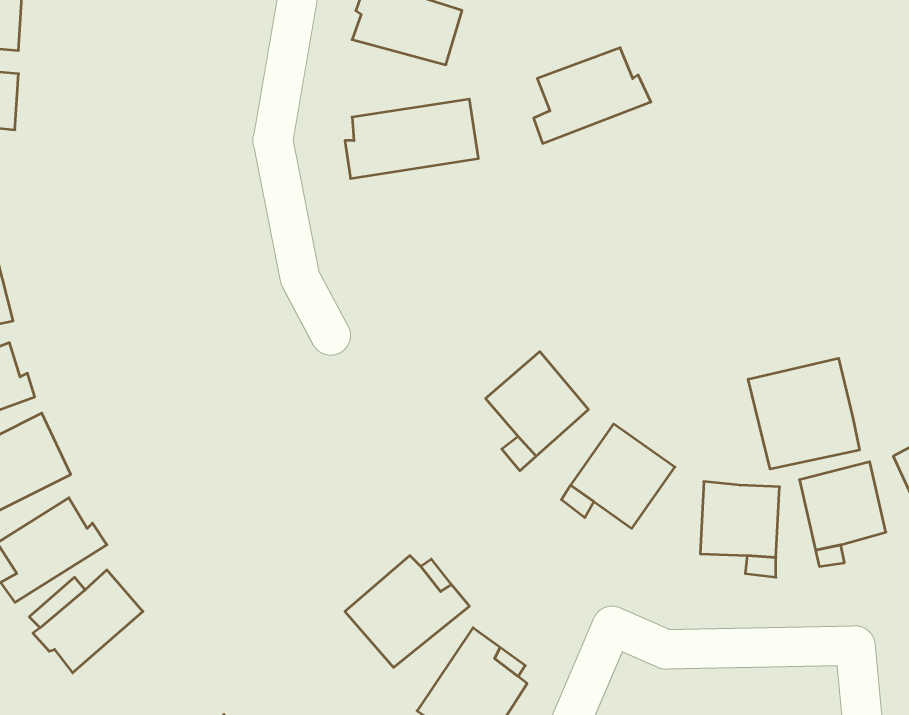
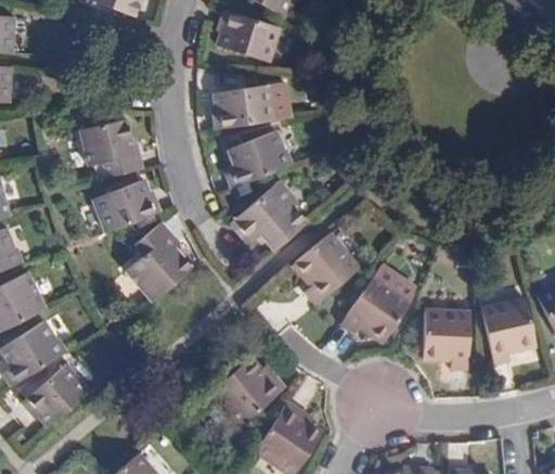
building: [534,48,651,143] -> [224,131,295,189]
building: none -> [81,118,144,178]
building: none -> [92,179,164,233]
building: none -> [230,180,309,252]
building: none -> [126,222,193,302]
building: [748,358,859,469] -> none

